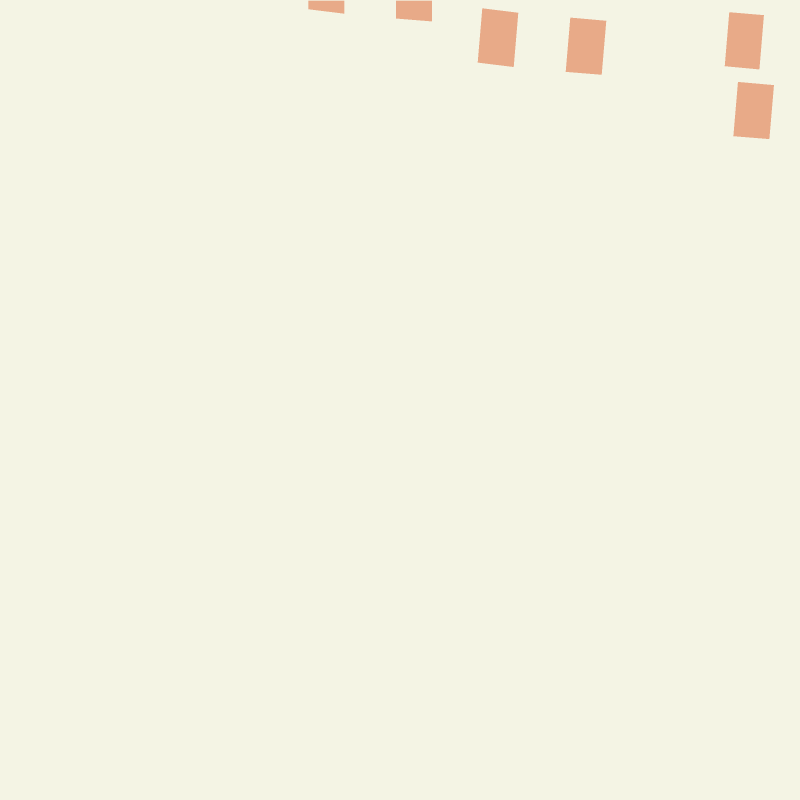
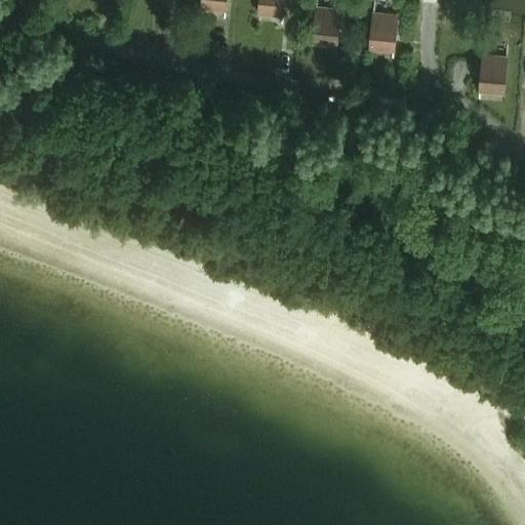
building: [724,11,765,70] -> none

